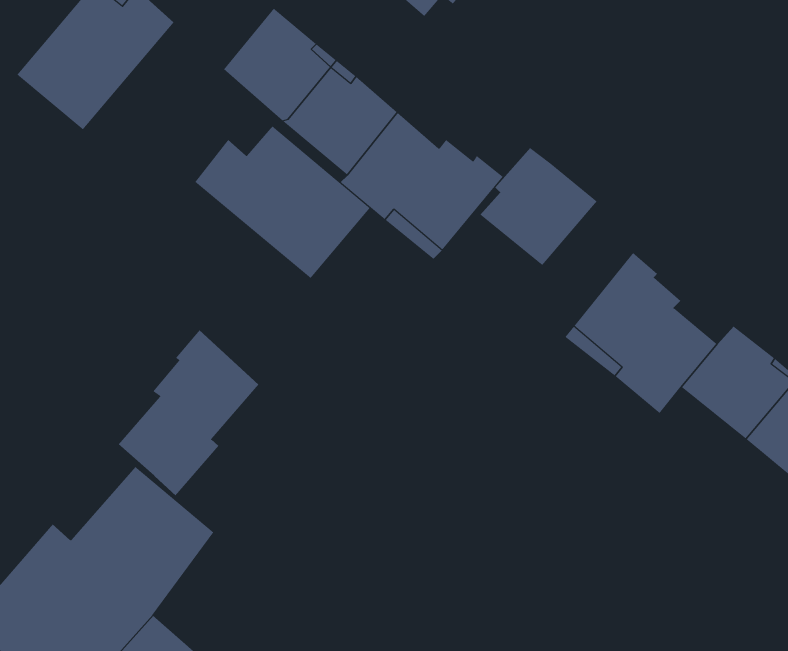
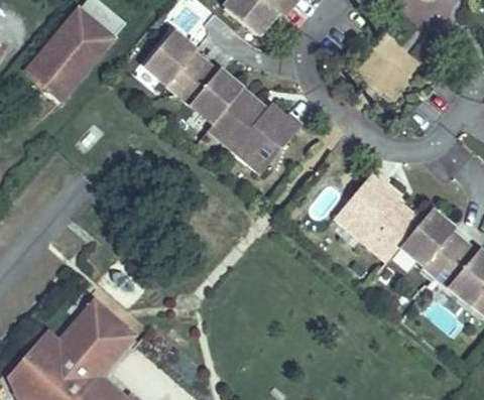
building: [195,126,370,279] -> none
building: [479,147,597,266] -> none
building: [118,330,259,496] -> none

